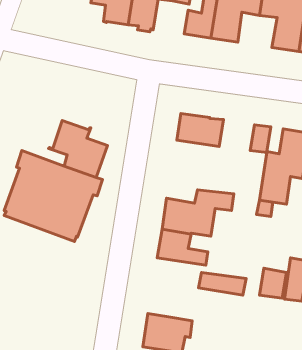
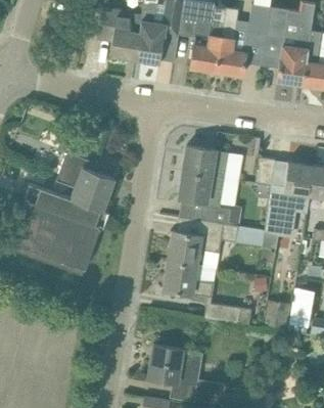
building: none -> [179,173,242,226]

